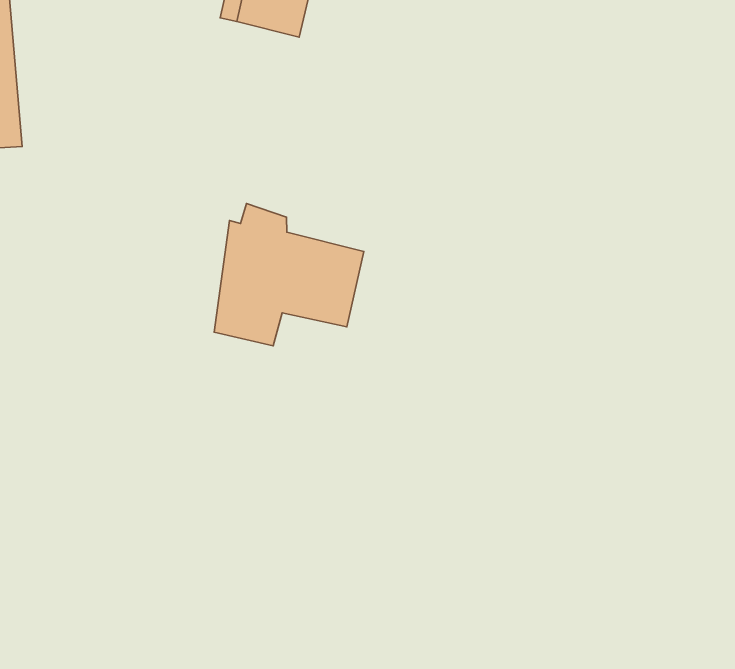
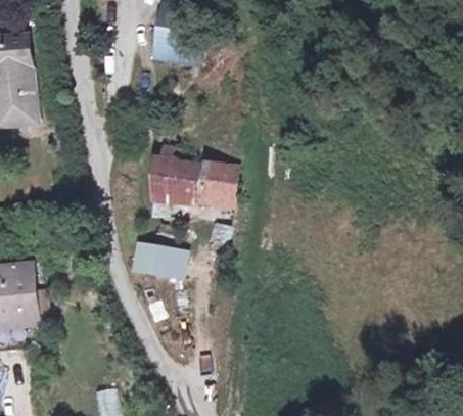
building: none -> [133,243,181,280]

